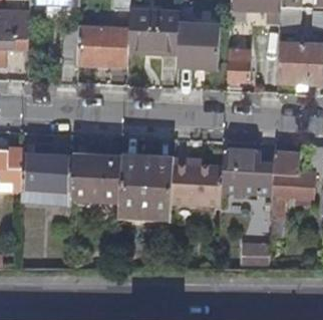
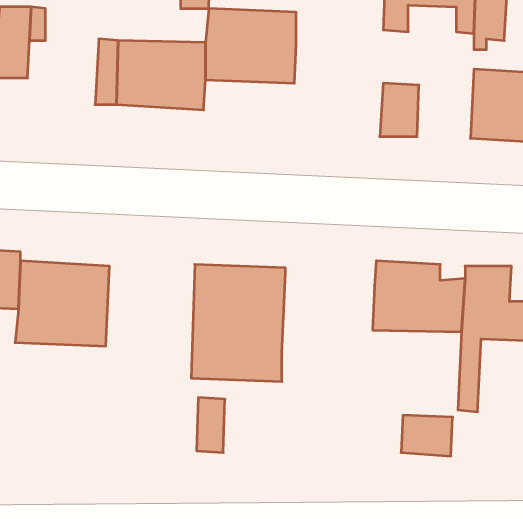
building: [179,30,221,72] -> none
building: [72,155,121,202] -> none
building: [172,159,224,208] -> none

